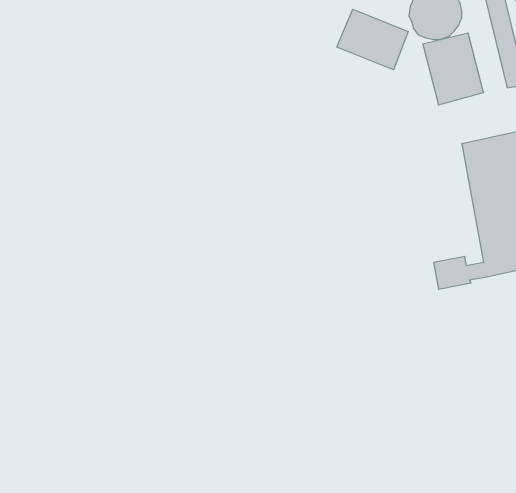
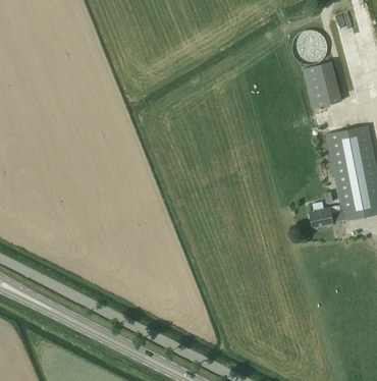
building: [337,9,408,70] -> none

